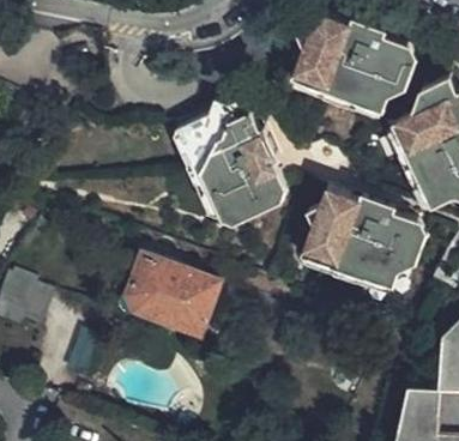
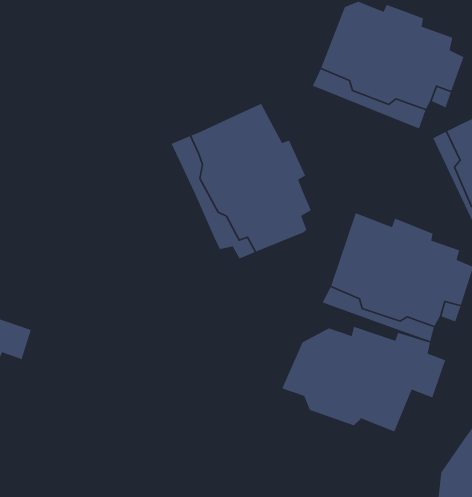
building: [127,254,219,331] -> none
building: none -> [281,326,446,433]

